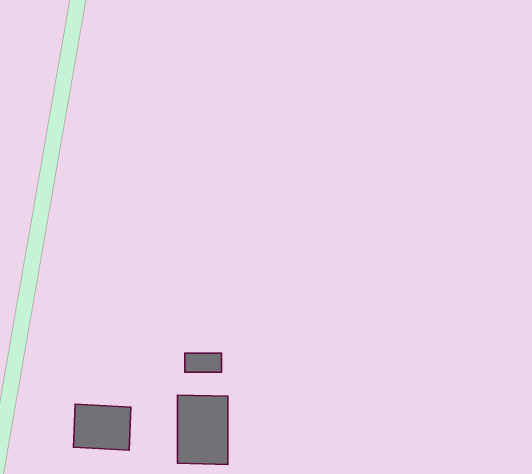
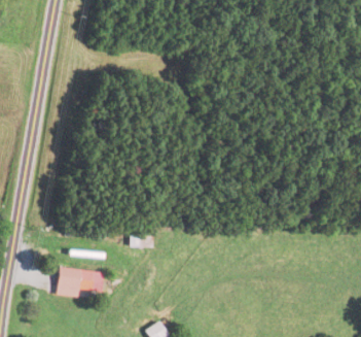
building: [177,395,228,464] -> none

